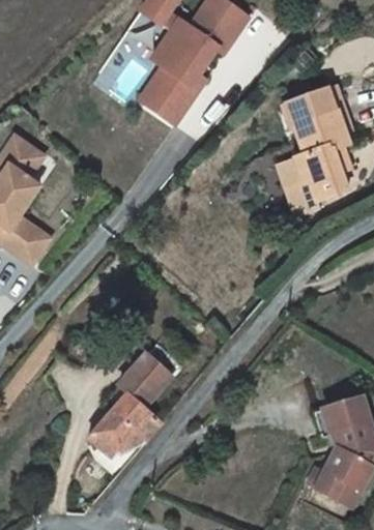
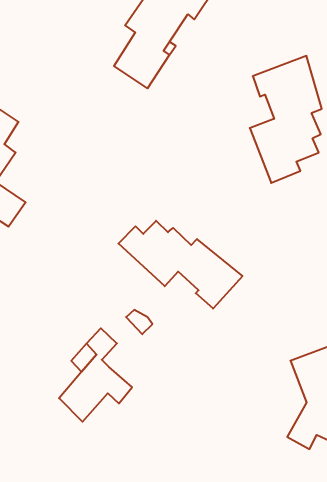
building: none -> [118,221,242,309]
building: [127,351,174,413] -> none

